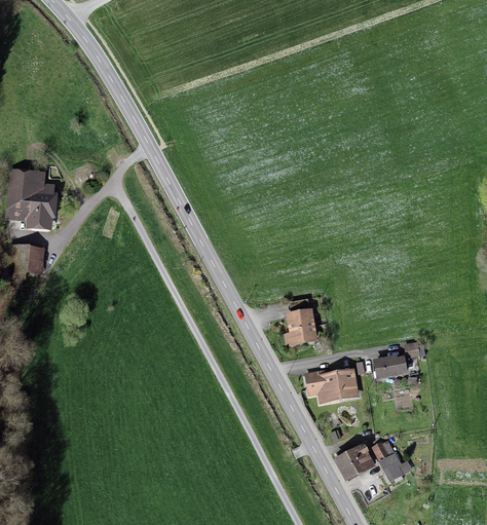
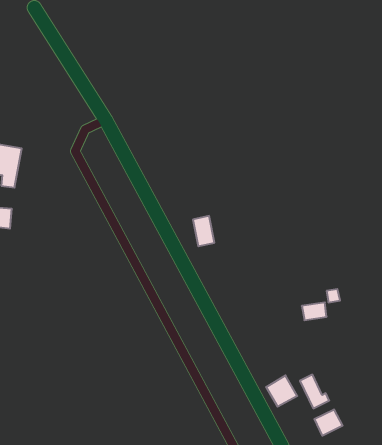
building: [290,307,314,342] -> [193,216,214,246]
building: [308,373,355,399] -> none
building: none -> [314,409,343,436]

